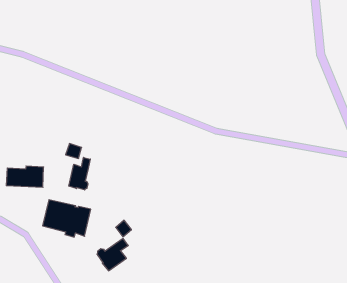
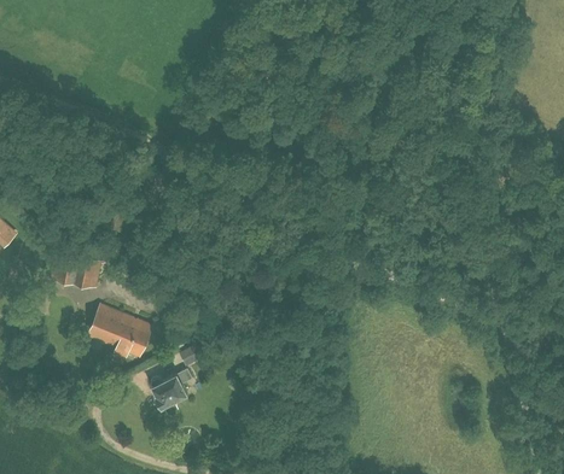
building: [69,157,90,190] -> none

